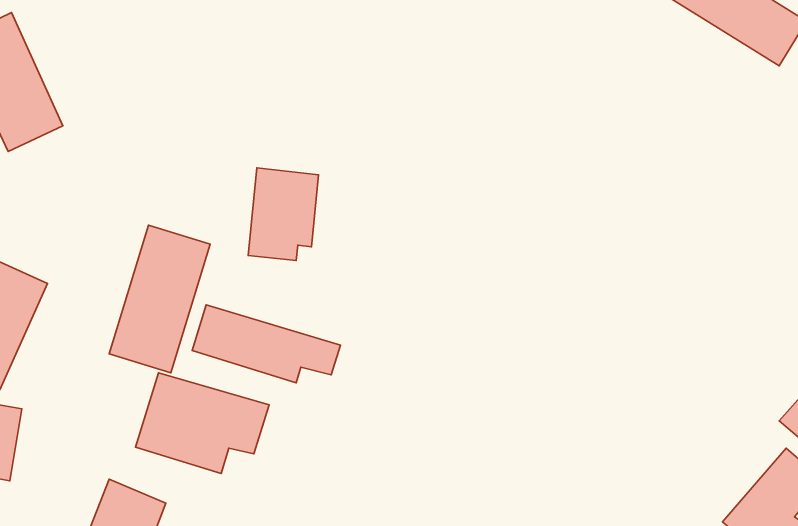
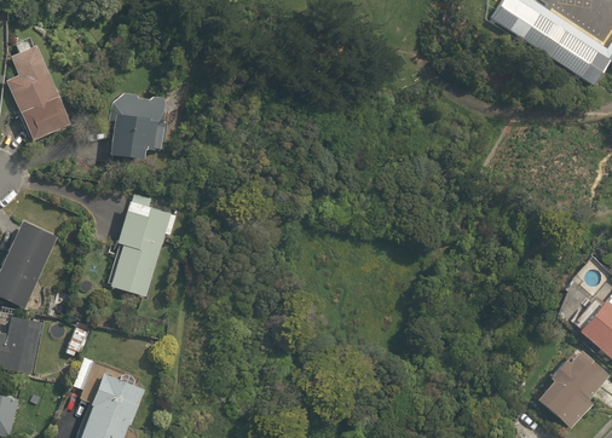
building: [248,168,319,260] -> [110,93,160,159]
building: [192,305,340,383] -> none
building: [136,373,269,474] -> none

